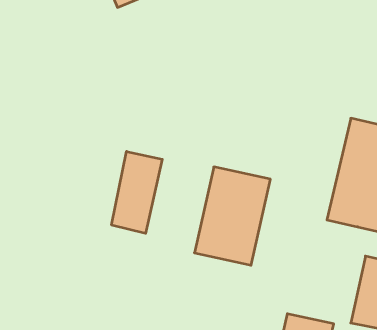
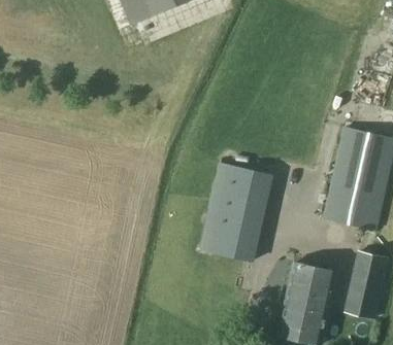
building: [112,151,162,233] -> none
building: none -> [286,262,337,312]

